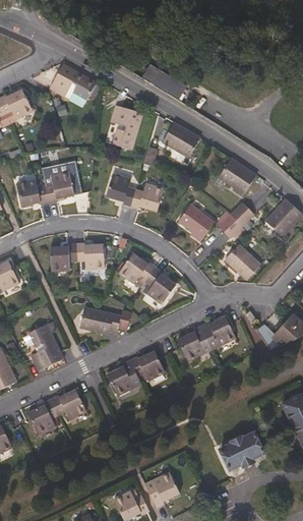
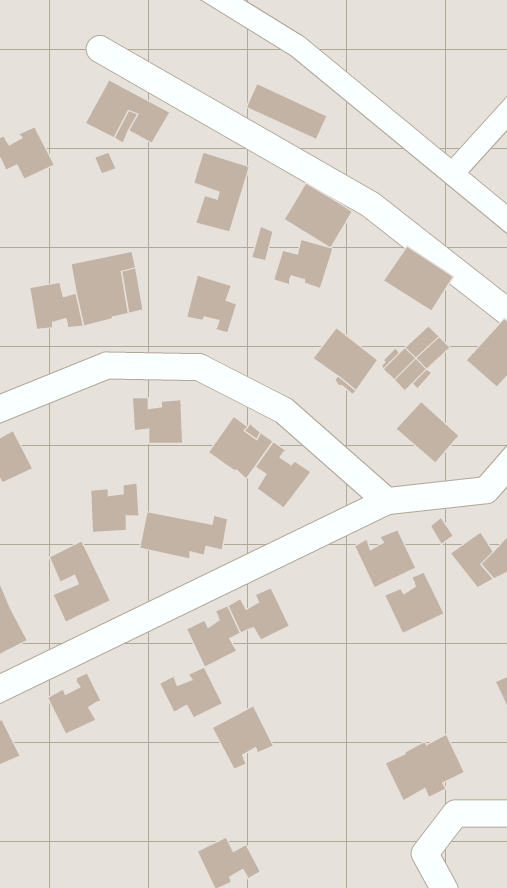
building: [130,184,164,212] -> [274,240,333,288]
building: [50,243,77,271] -> [90,483,139,532]
building: [179,327,213,361] -> [384,572,444,634]
building: [51,389,86,417] -> [159,667,223,718]
building: [143,471,178,507] -> [212,706,274,769]

